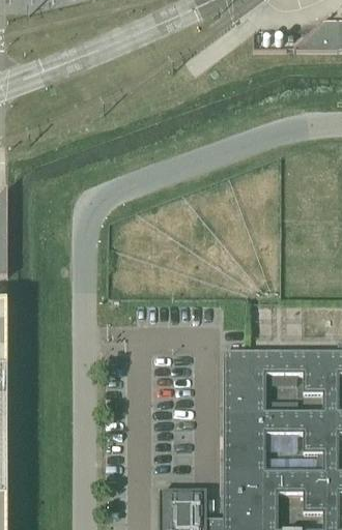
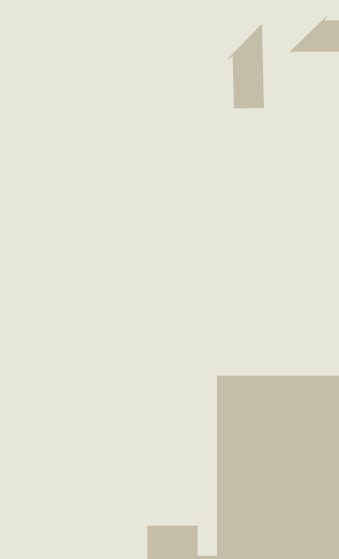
building: none -> [227,23,264,109]

